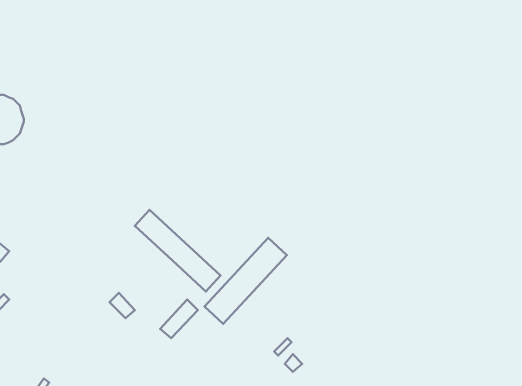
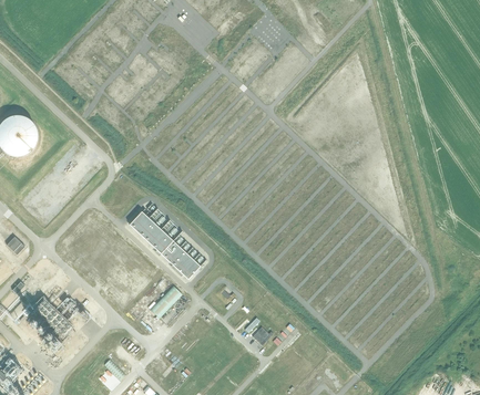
building: [205,238,287,324] -> none

